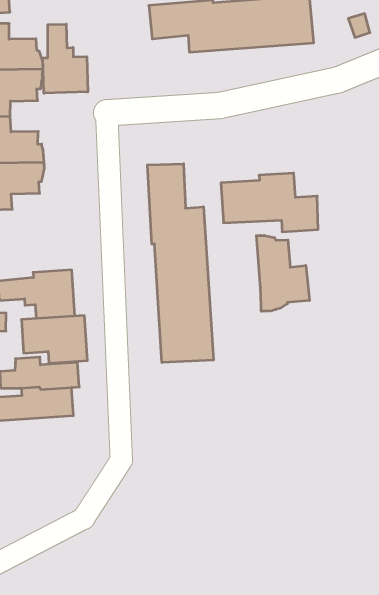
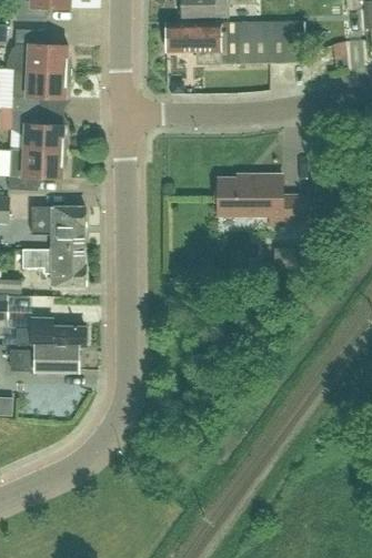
building: [43,24,88,93] -> none
building: [147,164,213,363] -> none
building: [256,235,309,311] -> none
building: [21,316,87,363] -> [29,206,83,245]

